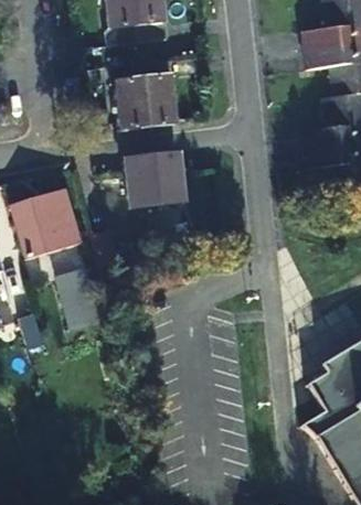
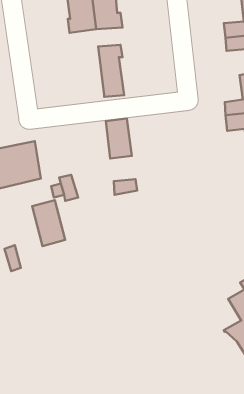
building: [108,62,150,130] -> none
building: [124,157,158,207] -> none

